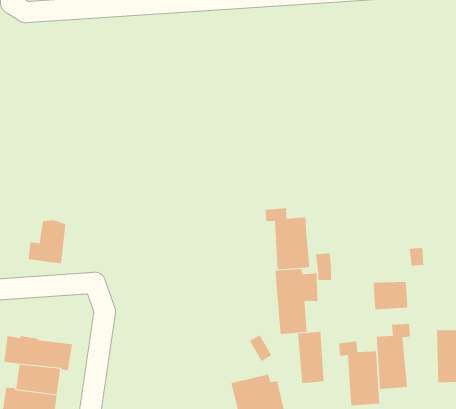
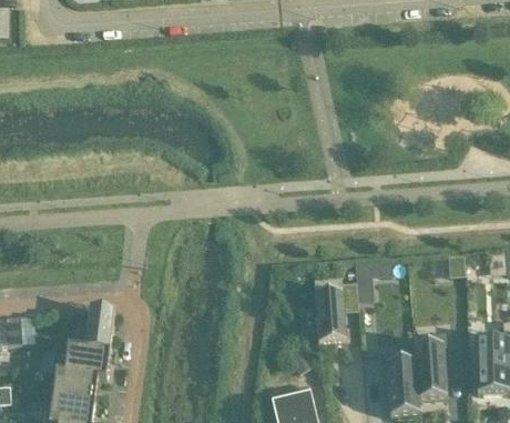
building: [265,207,310,270] -> none
building: [28,220,66,264] -> [74,309,113,353]
building: [373,281,408,310] -> none
building: [298,331,324,384] -> none

